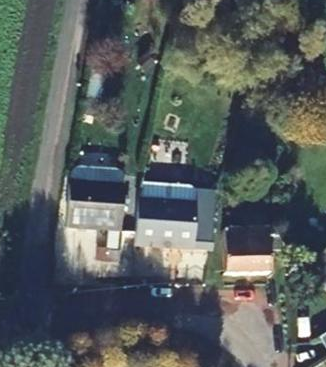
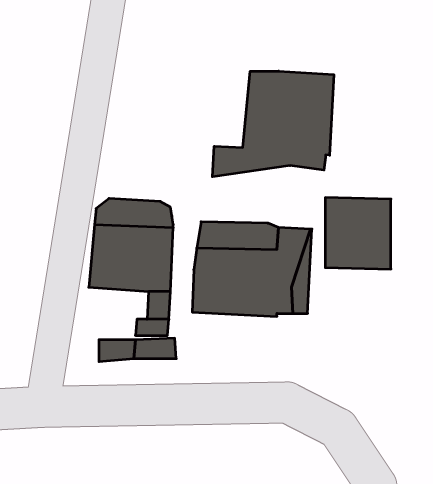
building: none -> [212,71,334,177]
building: [226,225,271,274] -> [325,198,391,269]

